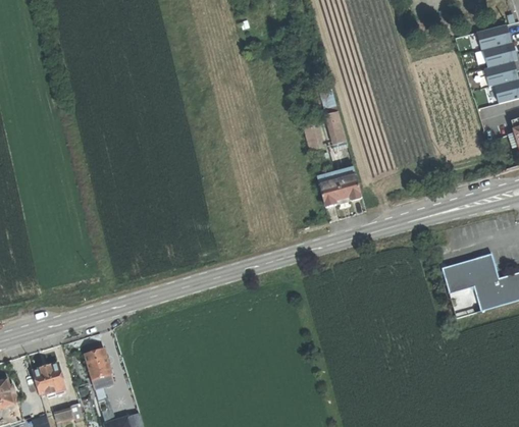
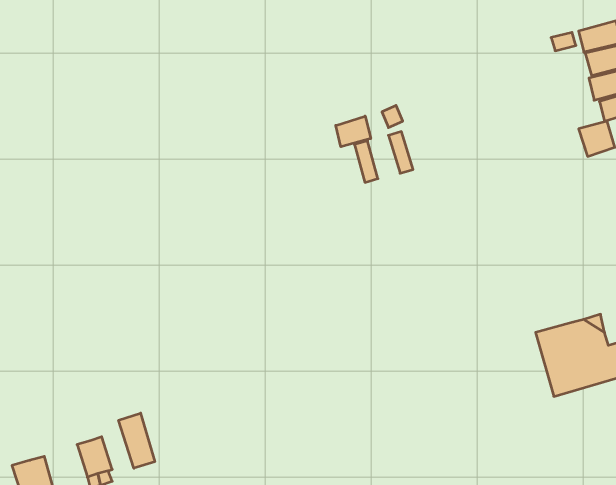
building: none -> [336,116,371,147]
building: [317,166,362,205] -> none
building: none -> [119,413,155,468]

